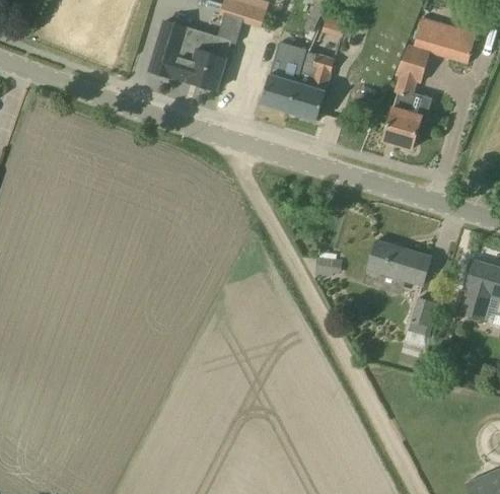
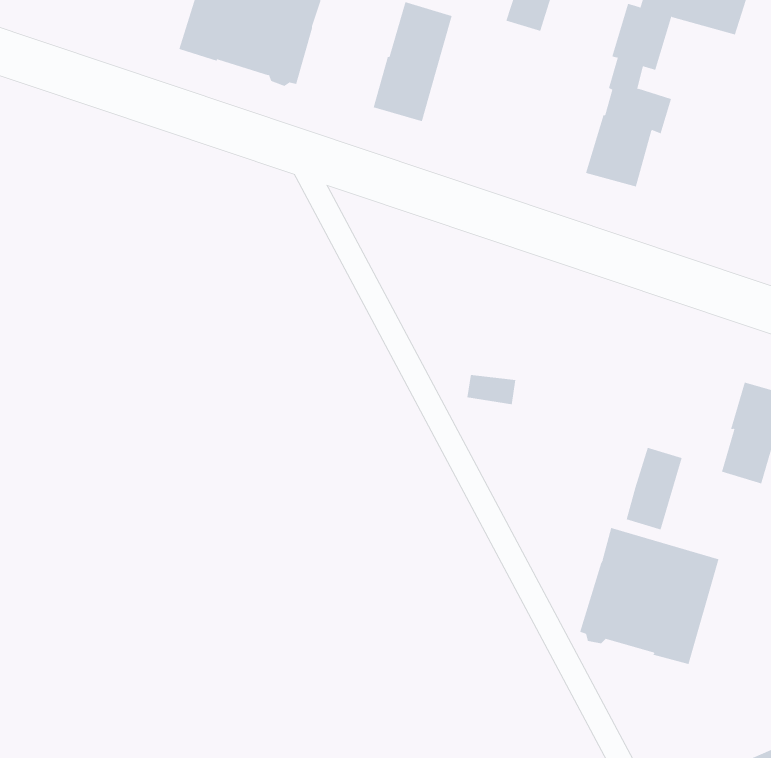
building: [289,51,335,121] -> none
building: [364,240,431,293] -> none
building: none -> [579,527,719,665]

